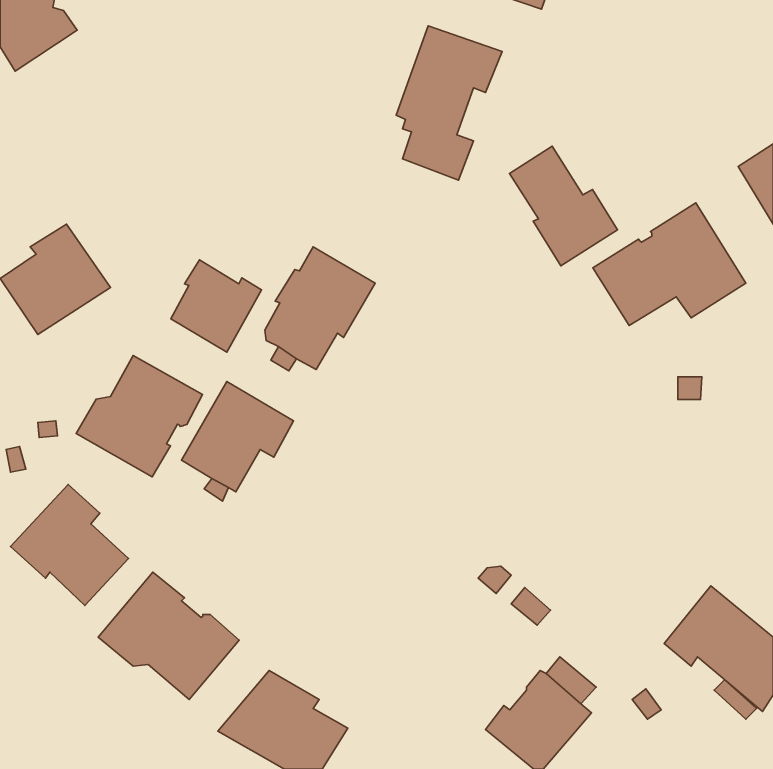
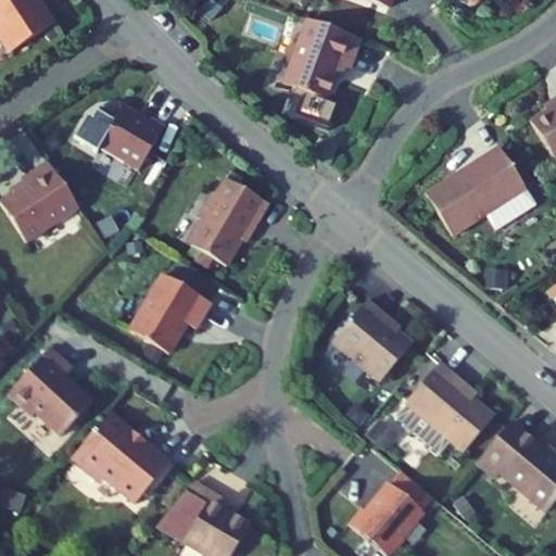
building: [509,146,618,266] -> none
building: [171,260,262,352] -> [99,103,164,169]
building: [76,355,202,477] -> none
building: none -> [332,299,413,380]
building: none -> [396,362,494,452]

